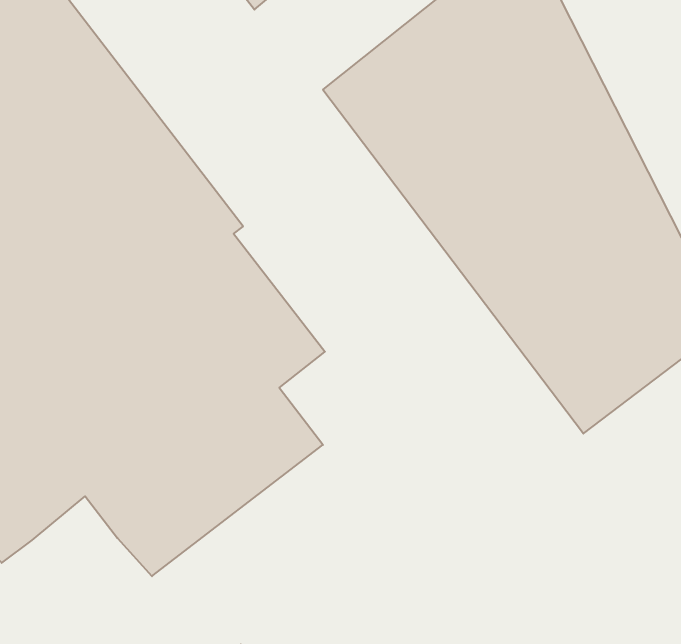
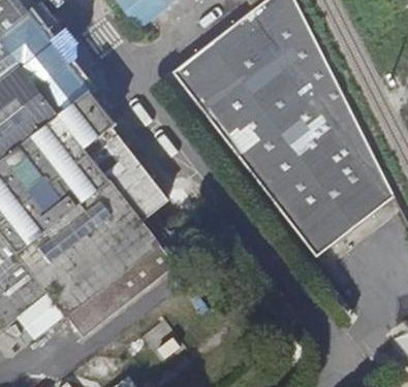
building: none -> [19,292,65,336]

